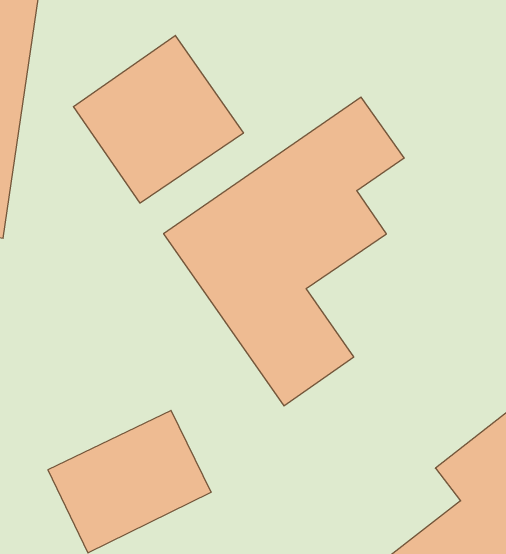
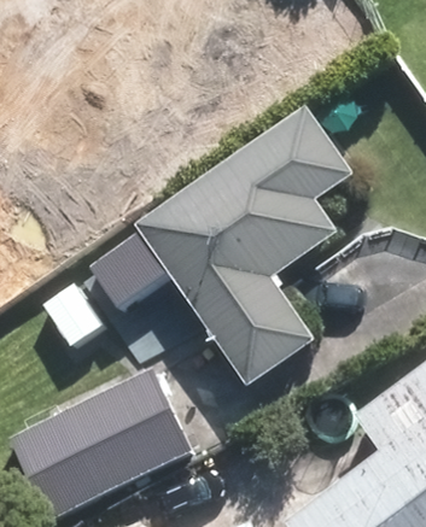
building: [73,35,243,203] -> none

